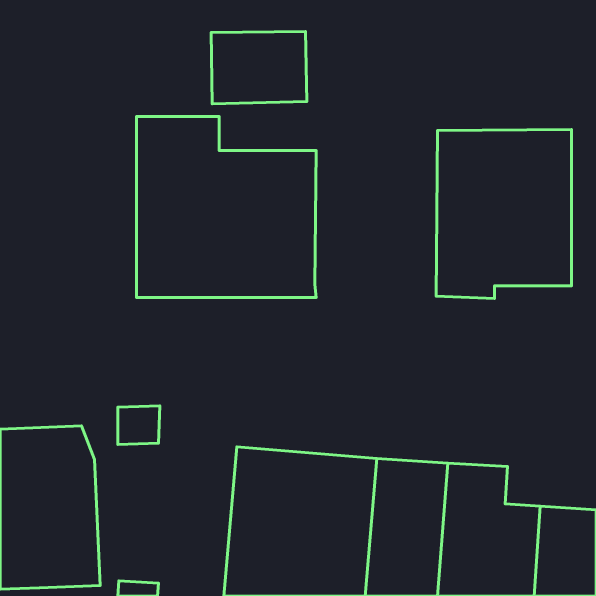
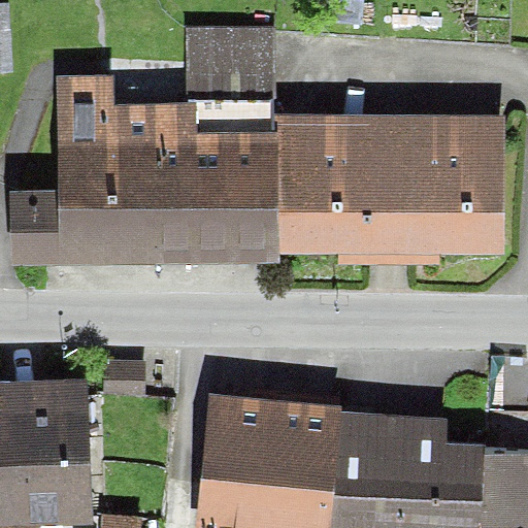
building: none -> [14,80,121,263]
building: none -> [278,114,387,262]

